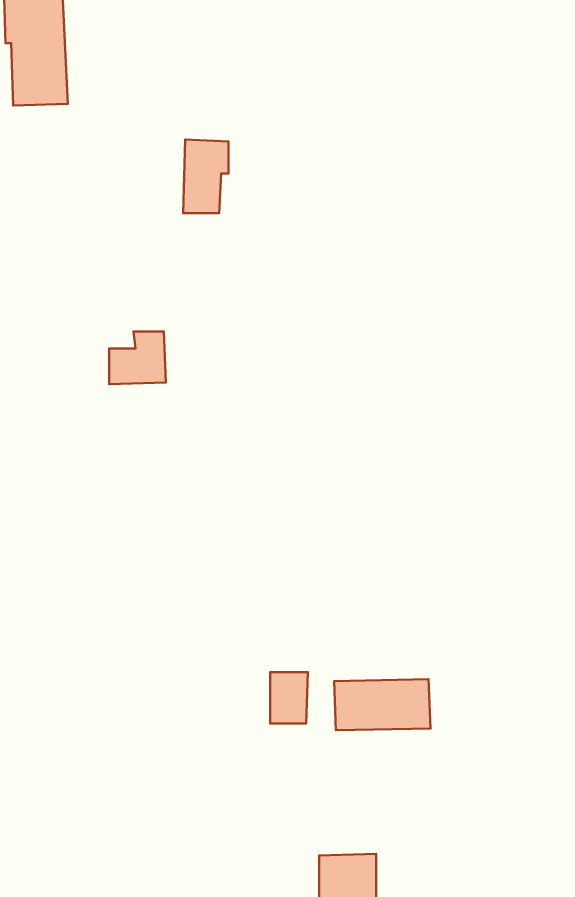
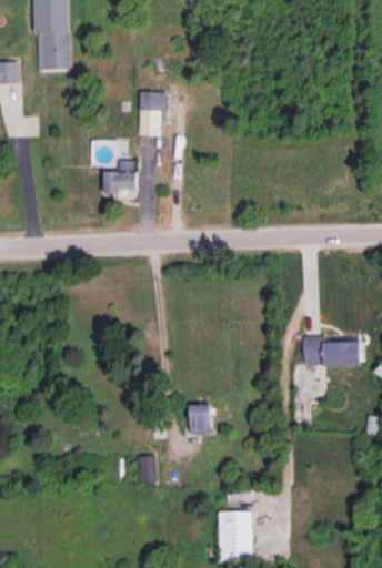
building: [109,331,166,384] -> [103,161,137,192]
building: [334,679,430,730] -> [304,336,361,366]
building: none -> [139,455,158,481]

